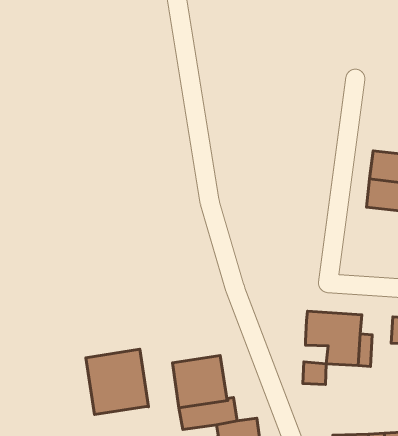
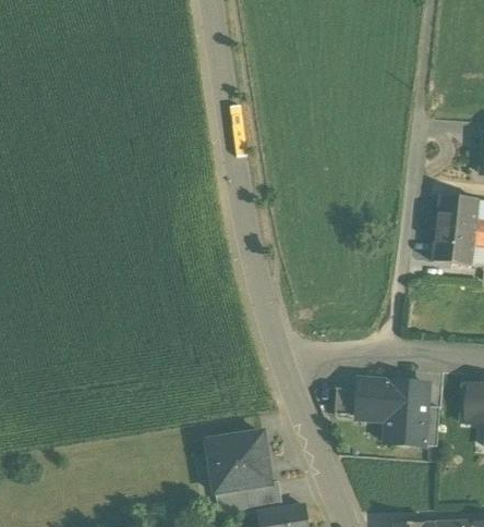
building: [86,349,149,414] -> none
building: [303,362,326,384] -> [336,390,363,416]

